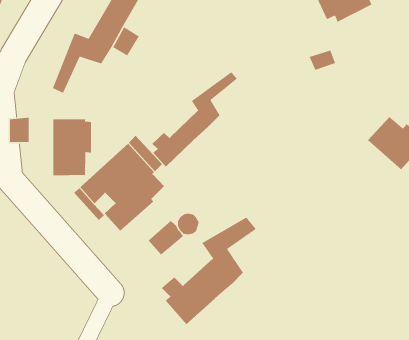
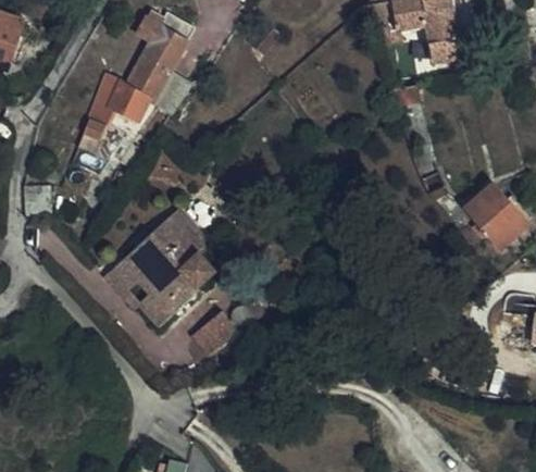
building: [151,71,238,167] -> none
building: [52,118,92,176] -> none
building: [161,216,257,325] -> none

